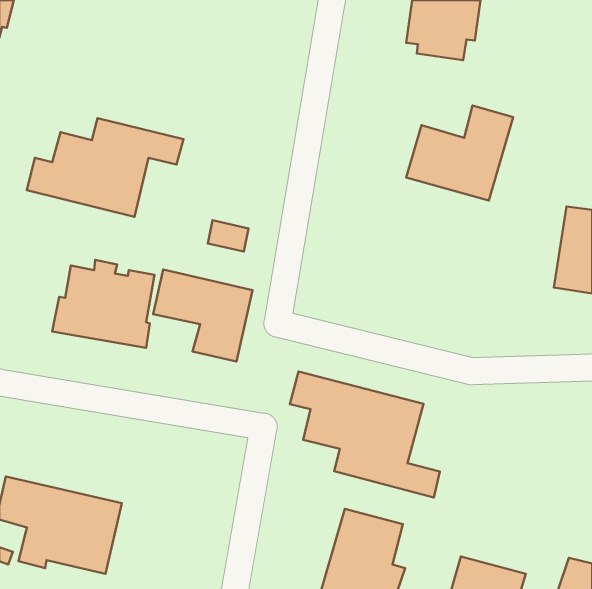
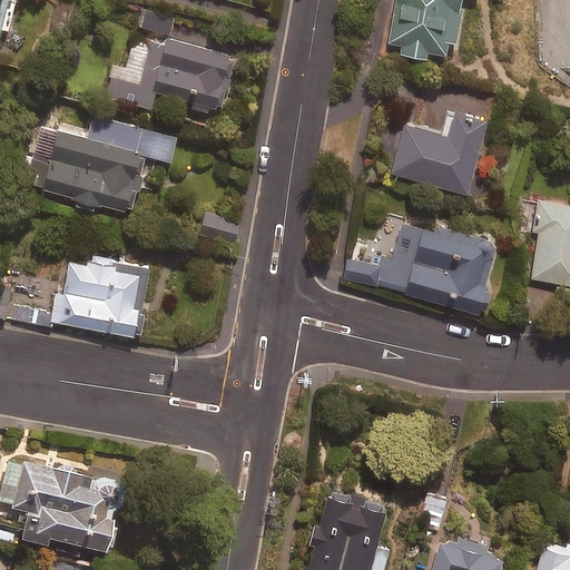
building: none -> [106,19,234,114]
building: none -> [342,220,497,314]
building: [153,269,253,362] -> none
building: [290,371,440,498] -> none

